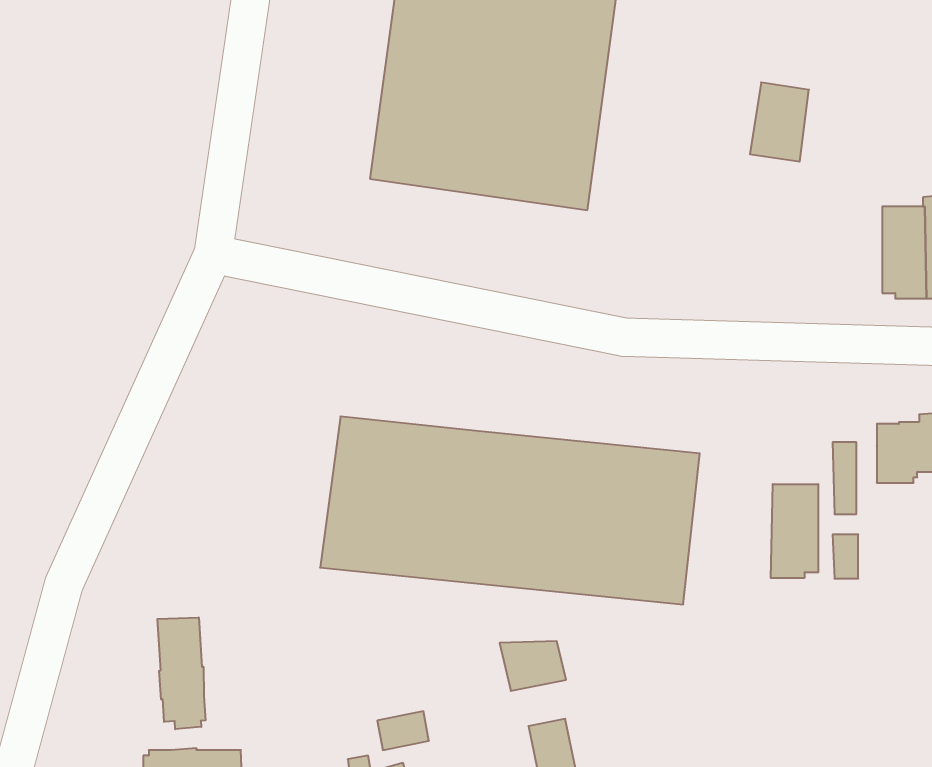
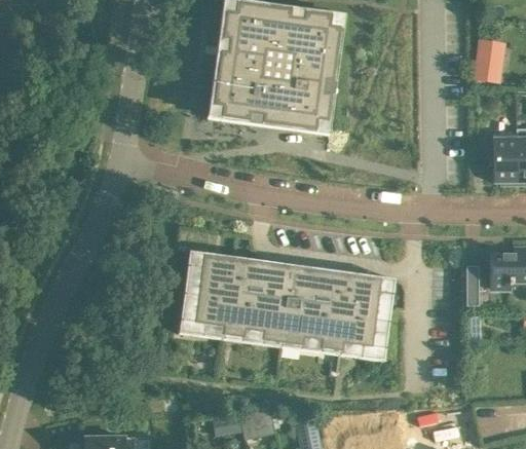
building: [750,82,809,162] -> [473,40,505,84]
building: [771,484,818,578] -> none
building: [157,617,205,729] -> none
building: [500,641,566,691] -> [239,411,276,439]

